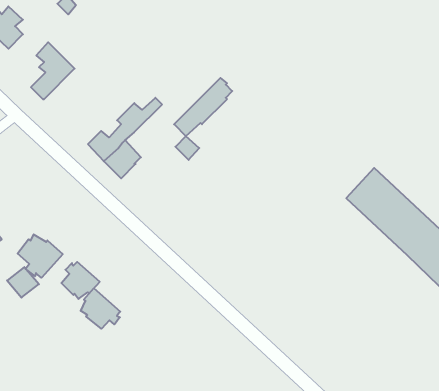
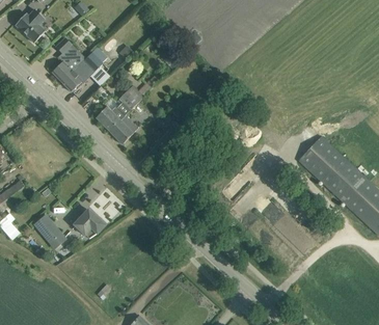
building: [174,78,232,136] -> [61,45,107,90]
building: [18,234,63,278] -> none
building: [81,288,120,329] -> none

